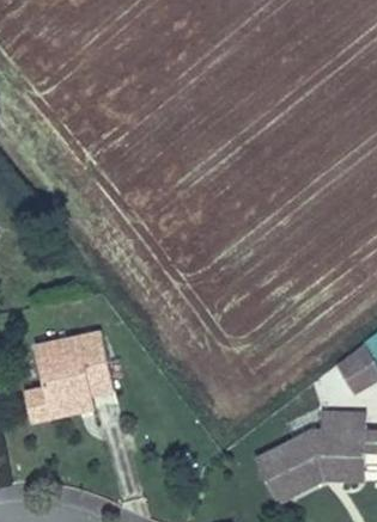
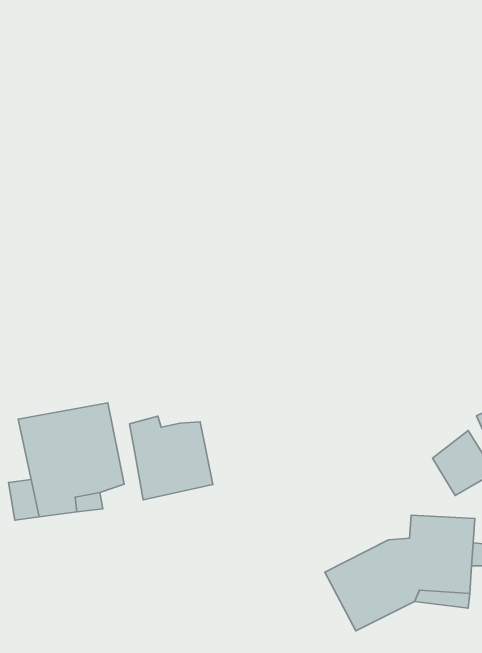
building: none -> [129,416,213,500]

